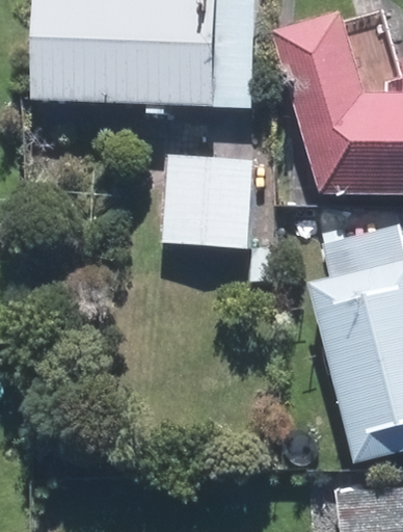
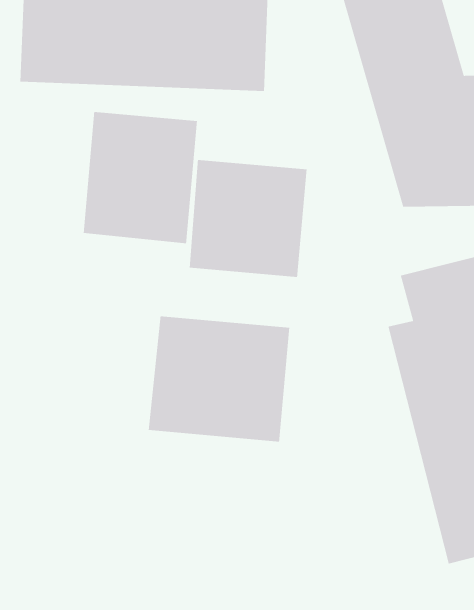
building: none -> [83,111,198,244]
building: none -> [148,315,290,442]

